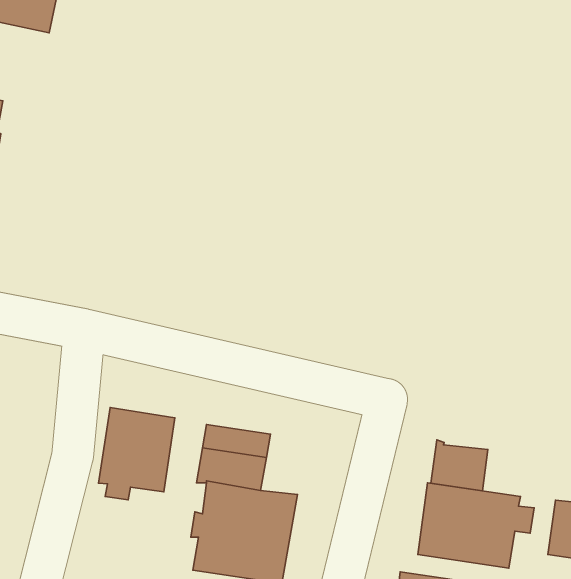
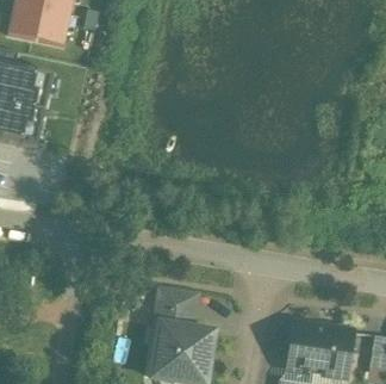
building: [99,407,175,500] -> none
building: [431,440,488,491] -> none

